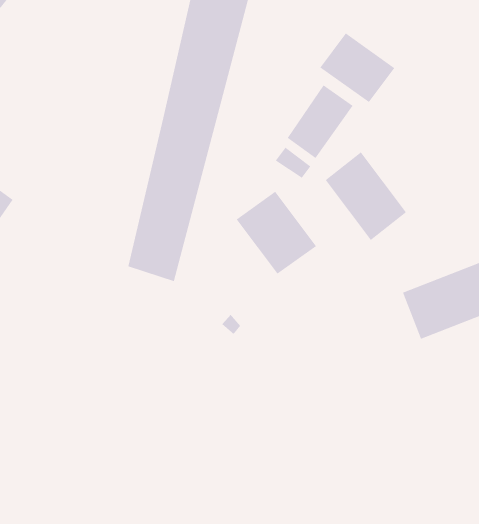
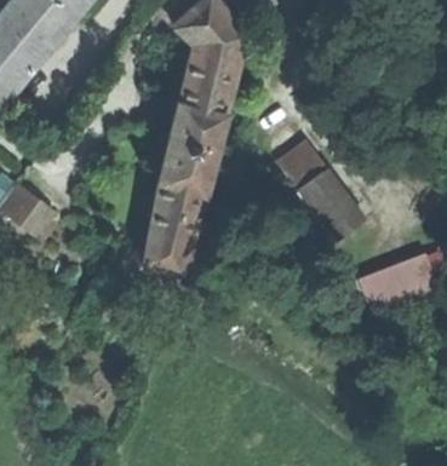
building: [320,33,395,103] -> none
building: [236,191,317,275] -> none

